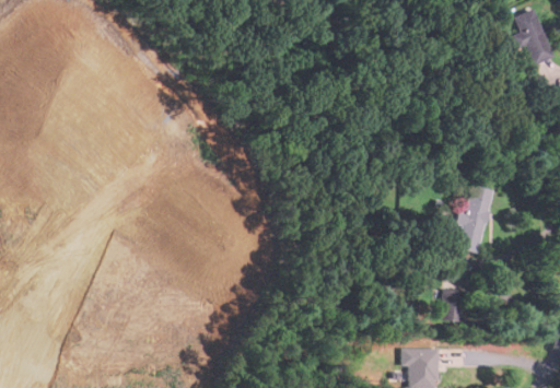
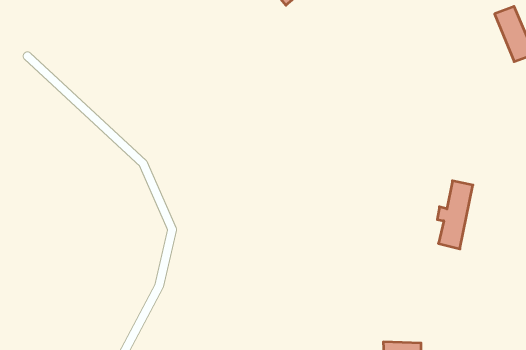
building: [441,289,465,324] -> none

